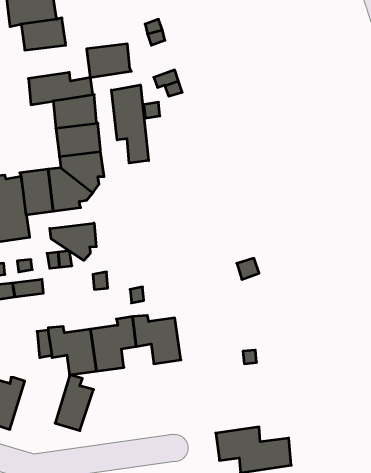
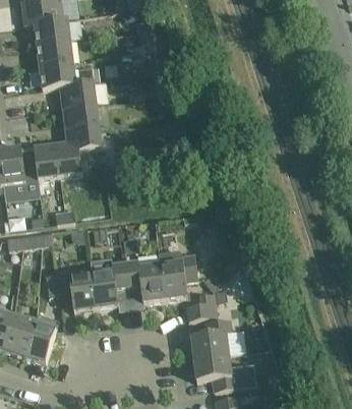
building: [87,44,131,77] -> [37,41,73,68]
building: [111,85,149,163] -> none
building: [50,223,96,260] -> none
building: none -> [159,250,197,299]
building: none -> [186,292,217,320]
building: [55,375,94,431] -> [24,316,56,362]
building: none -> [190,319,231,359]

